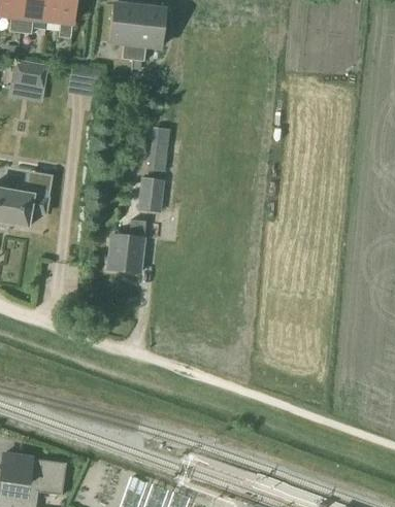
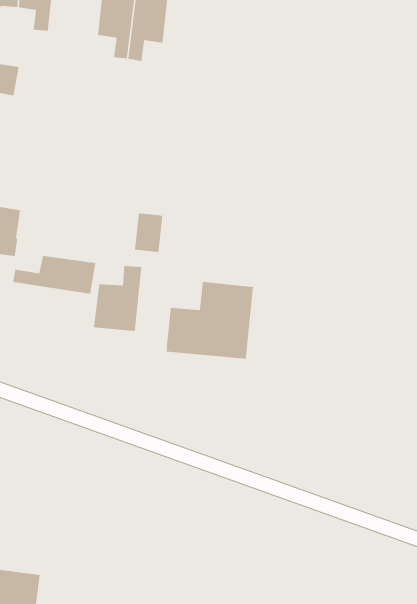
building: [147,128,169,171] -> none
building: none -> [12,255,96,294]
building: none -> [166,281,254,360]

